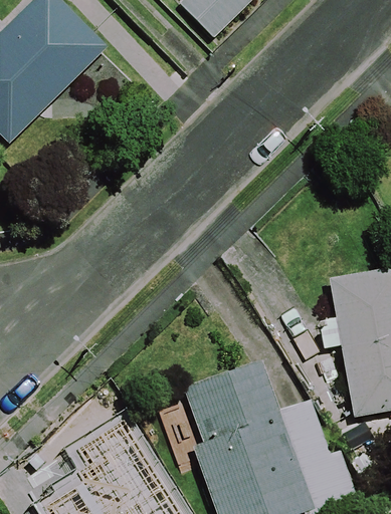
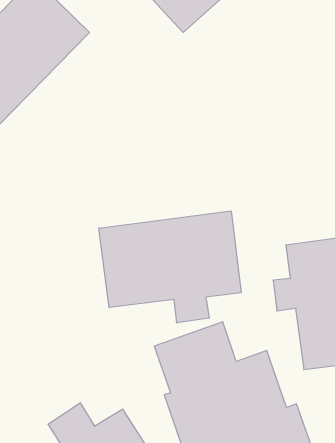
building: none -> [99,211,241,323]

